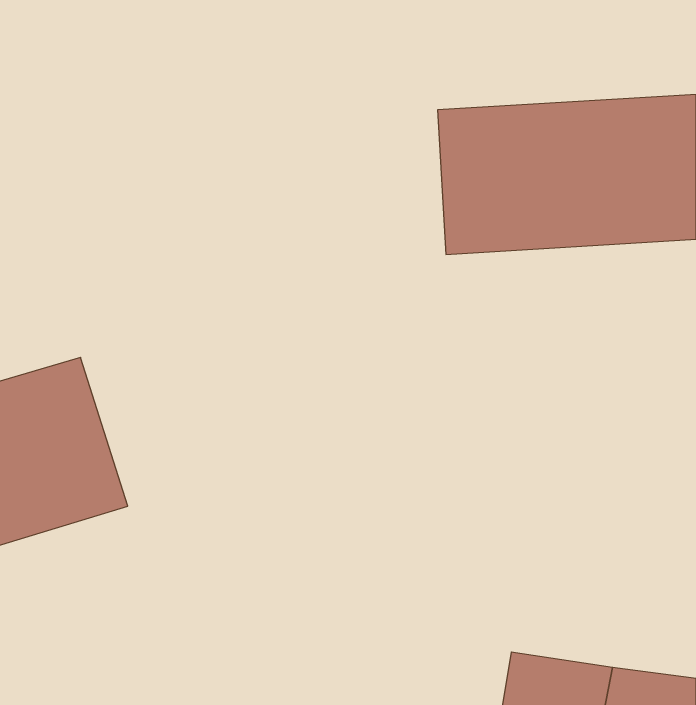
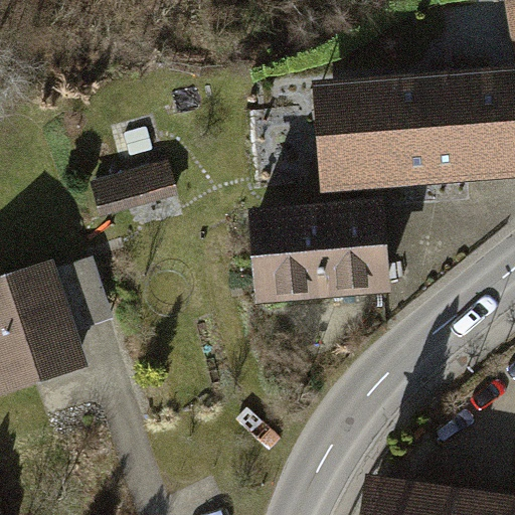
building: none -> [90,165,170,217]
building: none -> [260,200,396,295]

